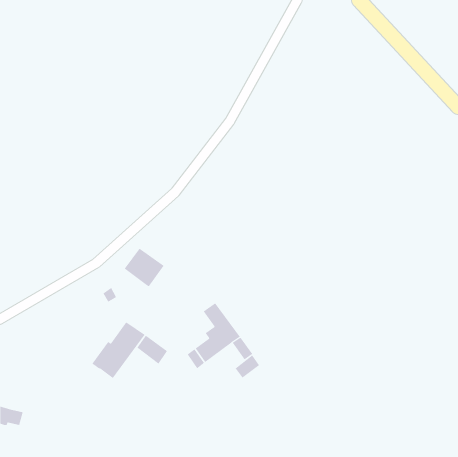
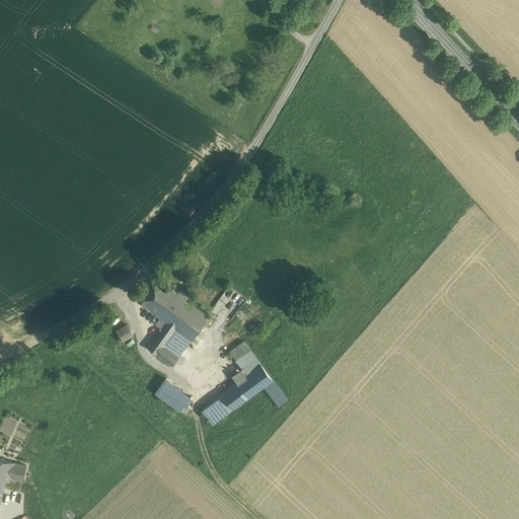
building: [92,321,146,379] -> [147,302,208,367]
building: [235,354,260,378] -> none

